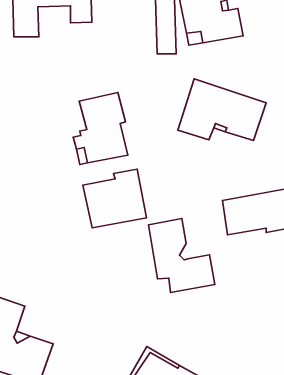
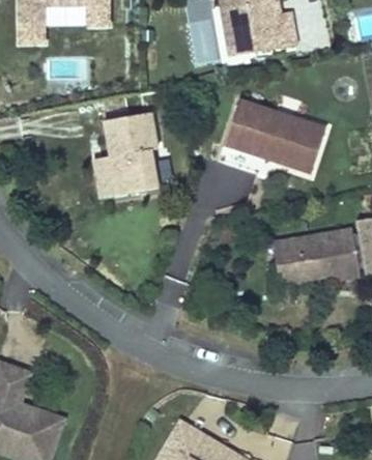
building: [83,169,147,228] -> none
building: [149,218,215,293] -> none

